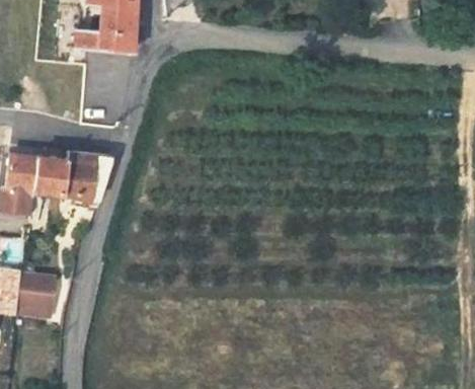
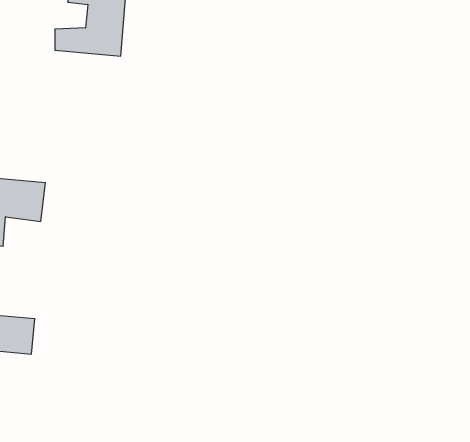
building: [62,151,107,207] -> none

